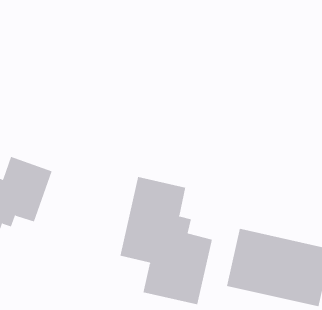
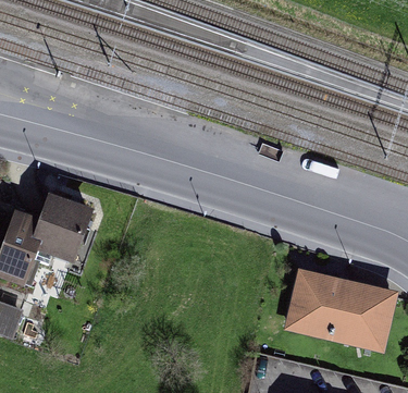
building: [120,176,213,305] -> none

